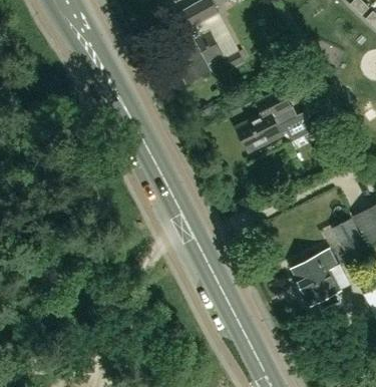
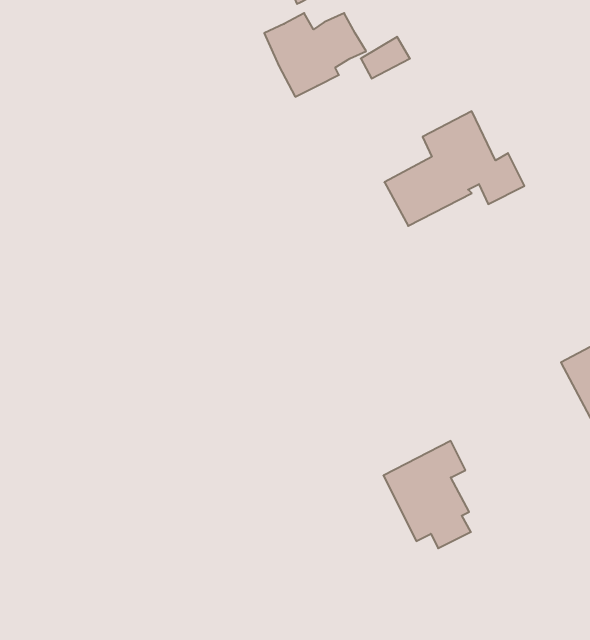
building: [291,248,339,307] -> [383,441,471,548]

